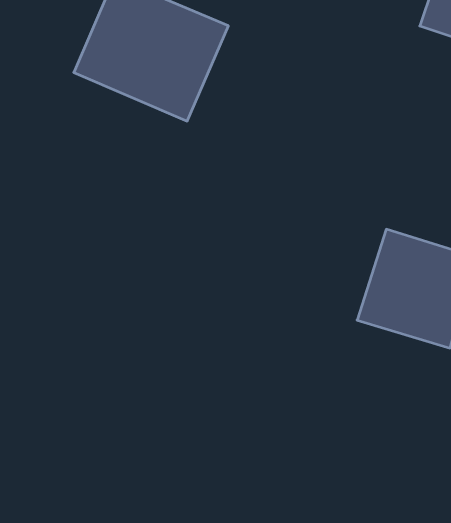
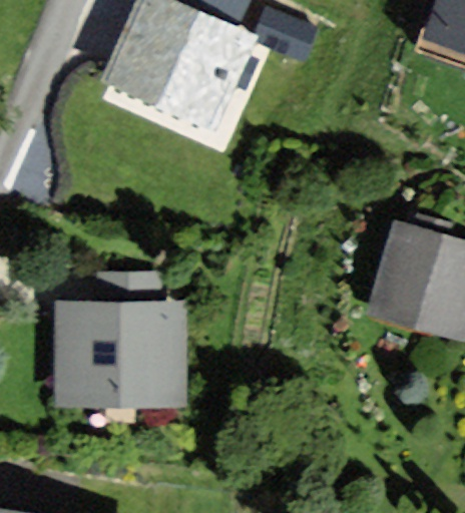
building: none -> [63,307,181,402]

